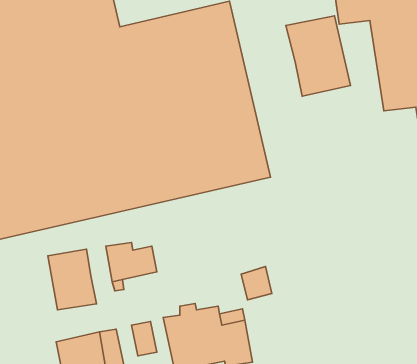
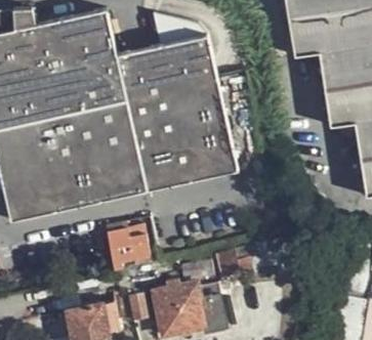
building: [286,16,350,96] -> none
building: [48,249,97,310] -> none

